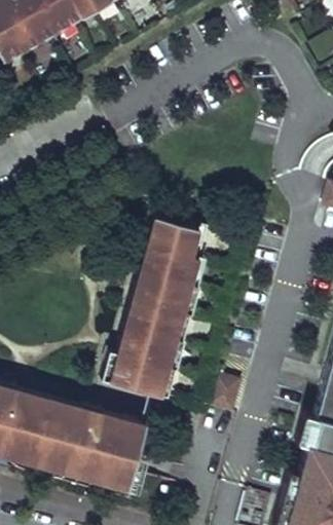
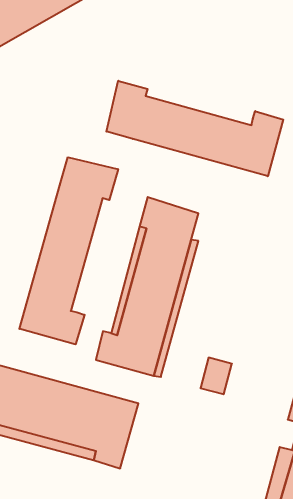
building: none -> [106,81,283,176]
building: none -> [19,157,118,344]

